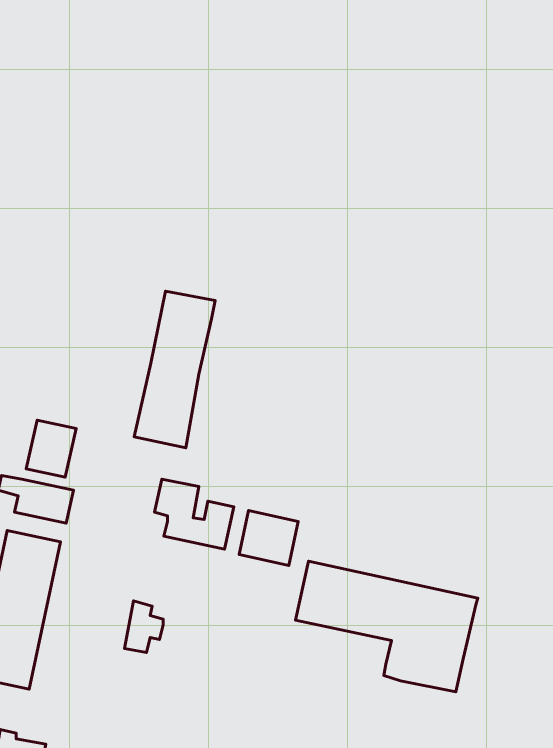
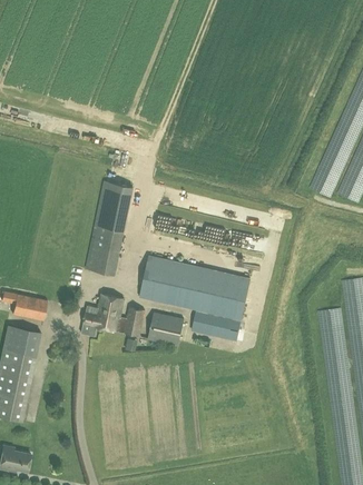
building: [26,420,76,477] -> none
building: [296,561,478,692] -> [139,260,249,339]
building: [124,601,163,652] -> [81,304,105,335]

